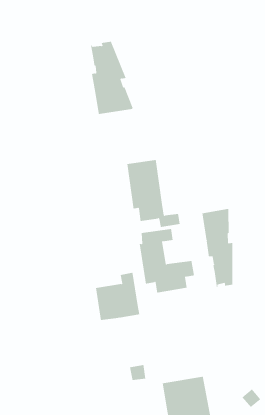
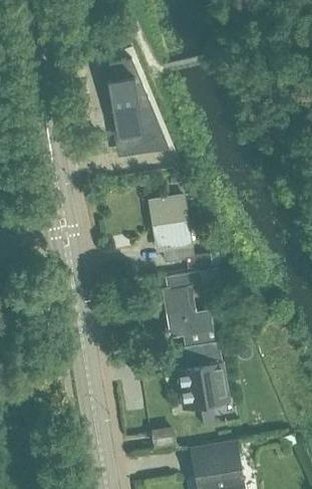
building: [202,208,233,288] -> none
building: [95,272,140,321] -> [178,354,229,410]

